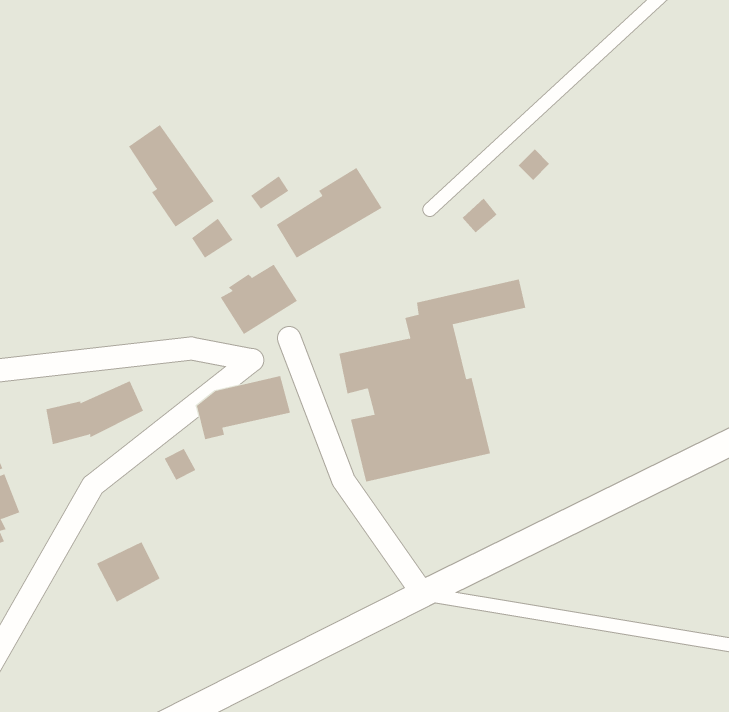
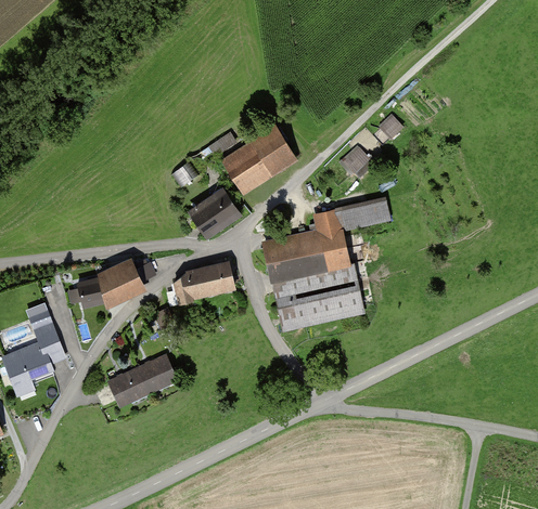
building: [128,124,214,228] -> none
building: none -> [139,353,180,392]

